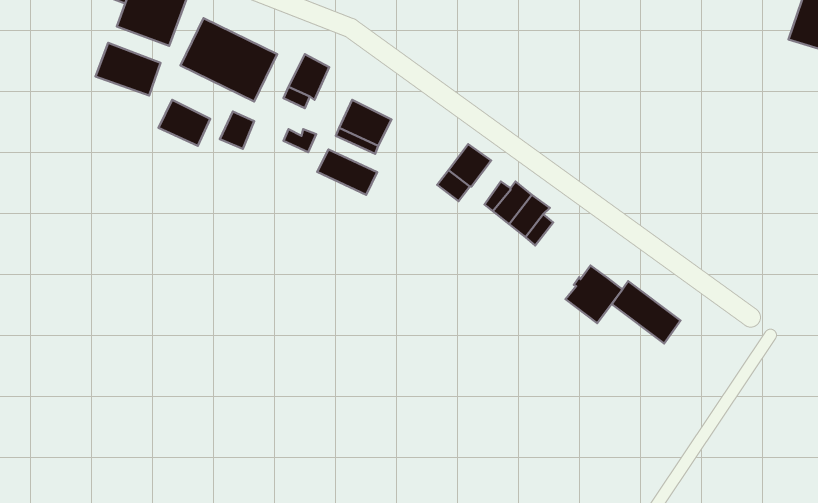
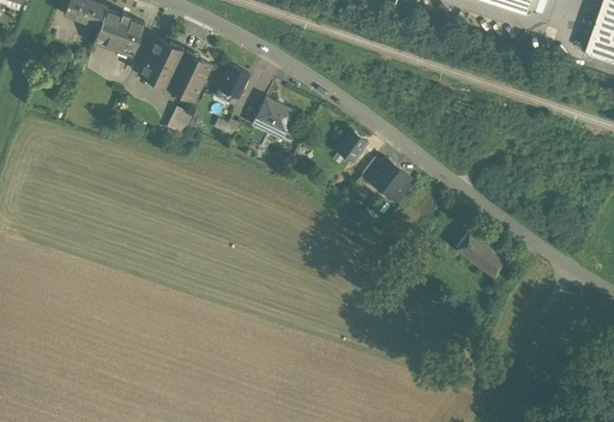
building: [96,43,161,95] -> none
building: [159,100,210,146] -> none
building: [317,149,377,195] -> none
building: [566,265,622,323] -> none

